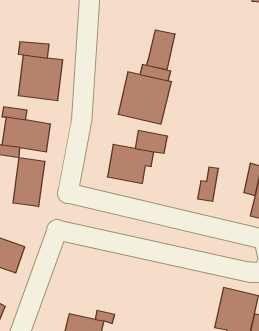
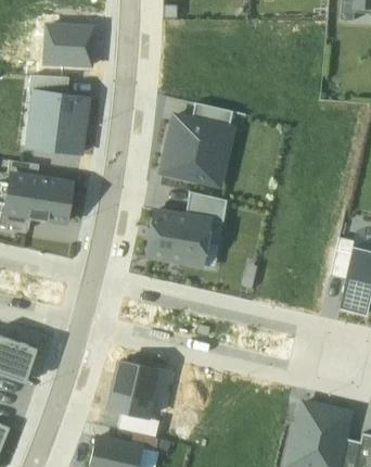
building: none -> [43,24,93,65]
building: [147,30,175,70] -> none
building: [13,157,45,207] -> none
building: [198,167,219,201] -> [194,220,222,266]
building: none -> [107,361,158,416]

